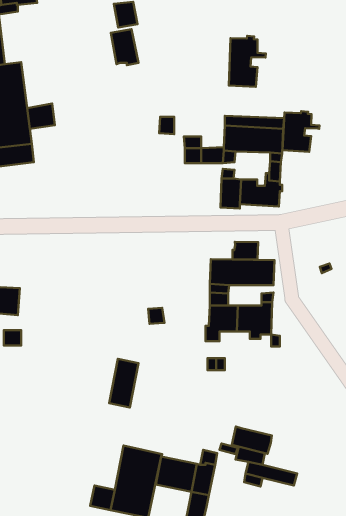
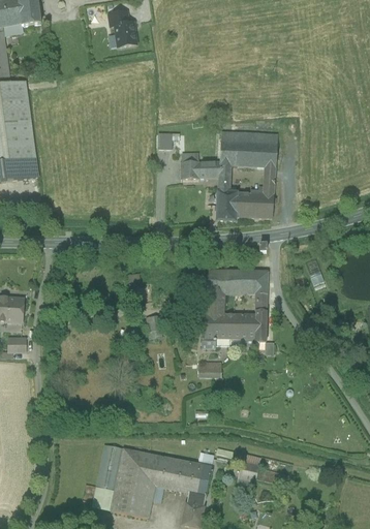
building: [111,29,138,65] -> none
building: [229,36,266,87] -> none
building: [27,104,55,129] -> none
building: [282,111,319,152] -> none
building: [233,242,258,260] -> none
building: [109,359,138,407] -> [95,443,123,490]
building: [232,427,272,454] -> none

